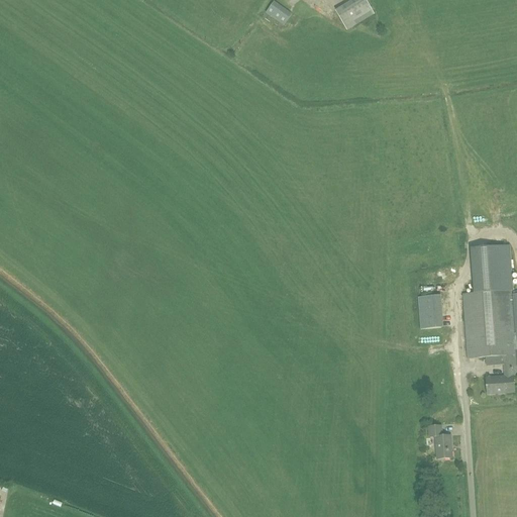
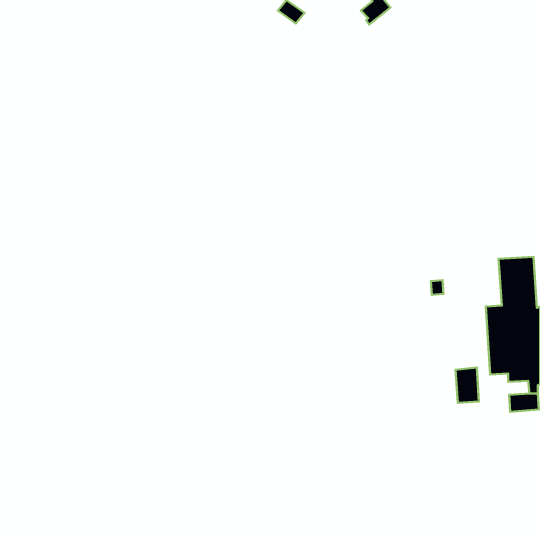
building: [418,293,440,326] -> [456,368,479,403]
building: [428,423,451,456] -> none

